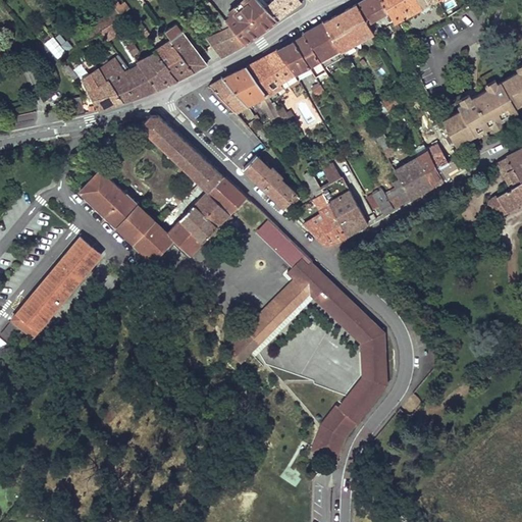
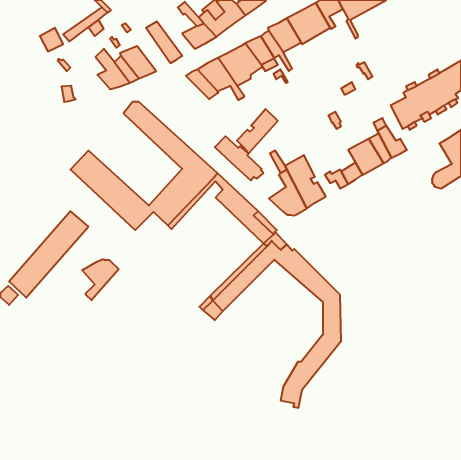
building: [154,40,193,82] -> none
building: [83,65,124,111] -> none
building: none -> [237,109,278,153]
building: none -> [82,259,119,300]

